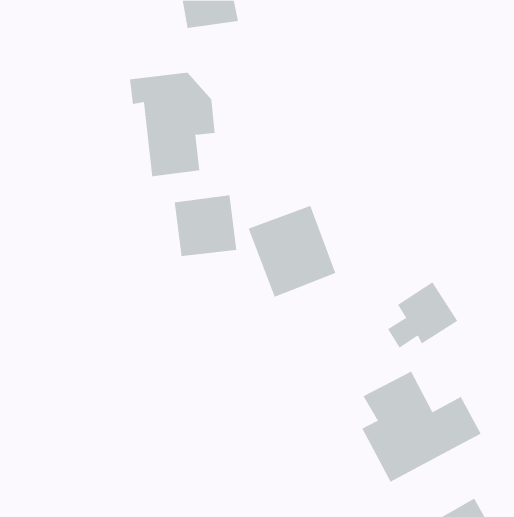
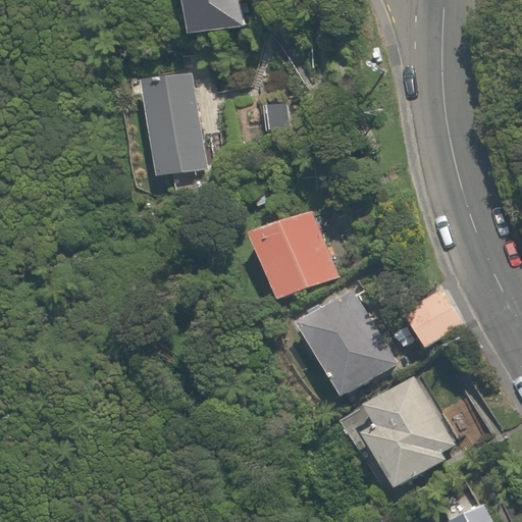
building: [174,195,237,257] -> none
building: none -> [297,285,398,397]

